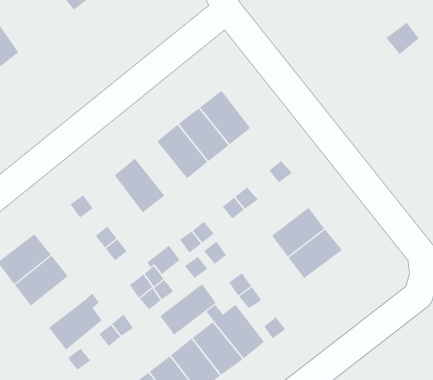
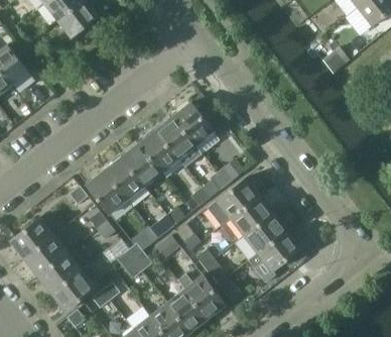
building: none -> [121,144,162,188]
building: none -> [86,172,127,216]
building: none -> [207,179,260,227]
building: none -> [248,231,300,272]
building: none -> [37,252,82,294]
building: [160,283,217,336] -> none

